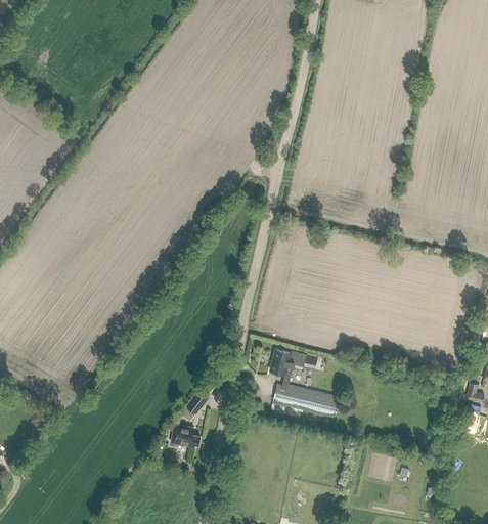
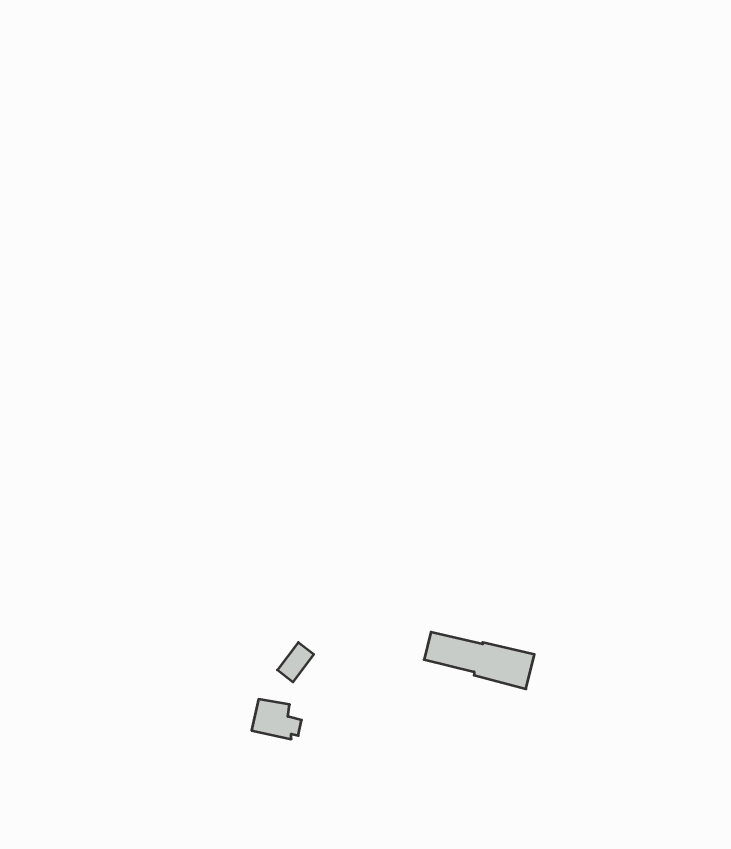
building: [270,349,306,374] -> none

